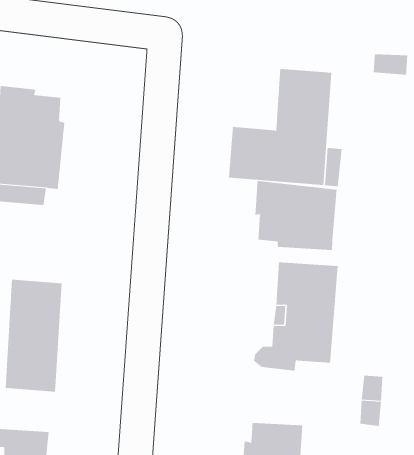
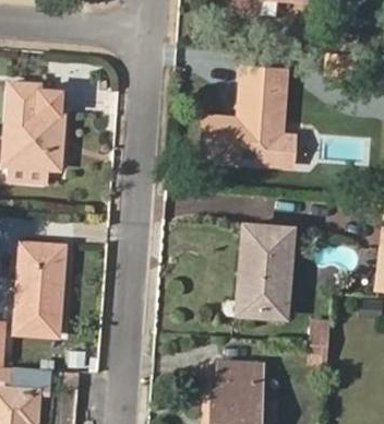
building: [255,180,337,251] -> none

